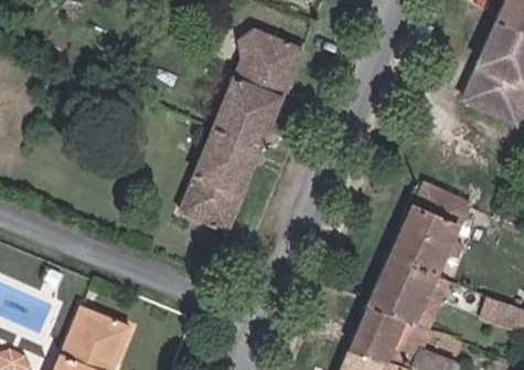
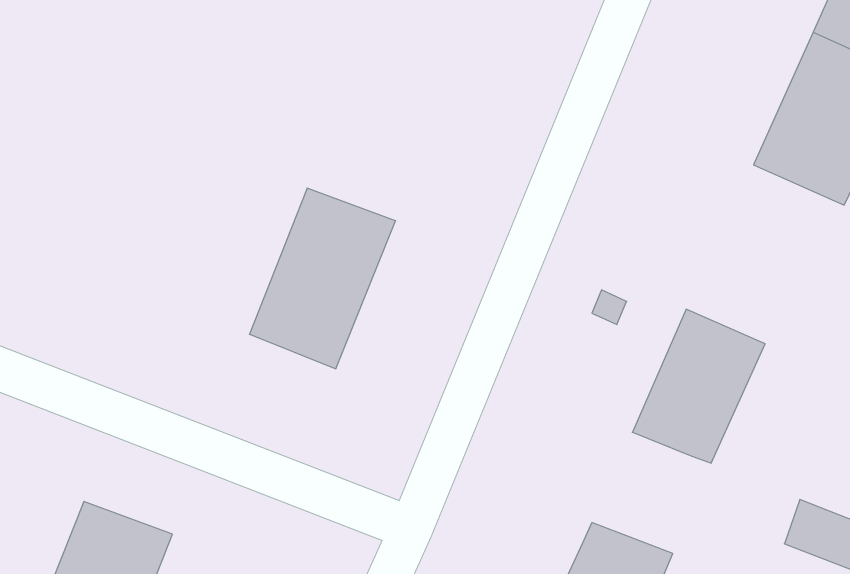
building: [210,21,299,137] -> none
building: [373,258,441,328] -> none

